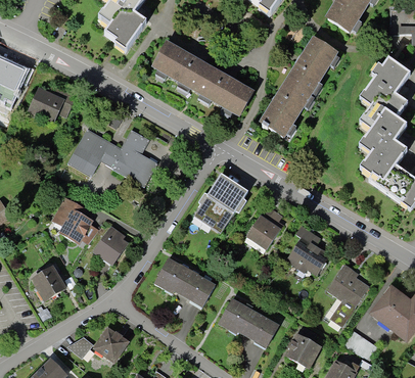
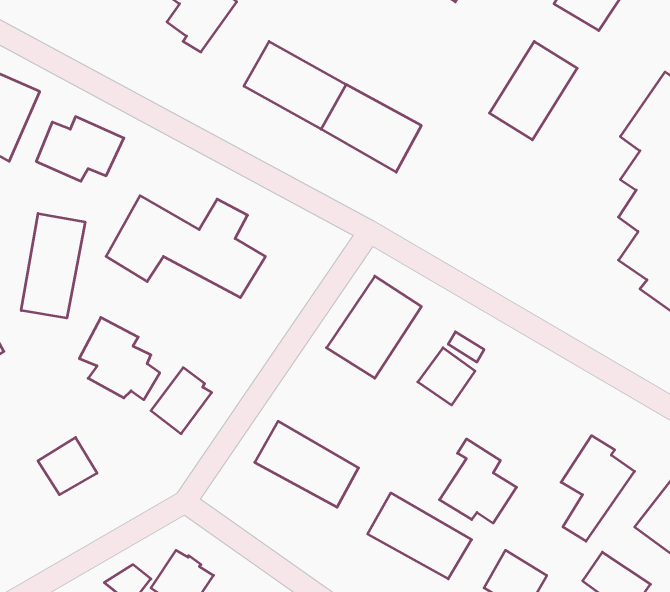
building: [261,80,312,138] -> none
building: none -> [21,213,85,318]
building: [286,225,330,273] -> [439,439,517,523]

